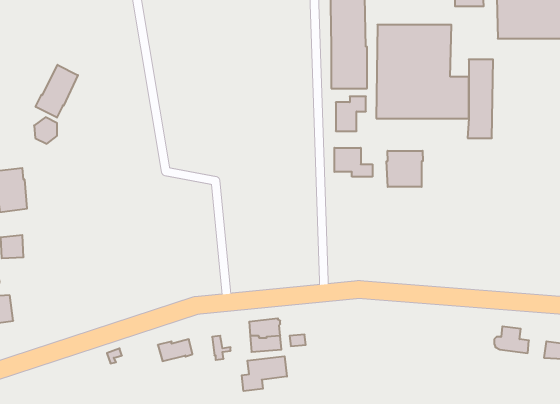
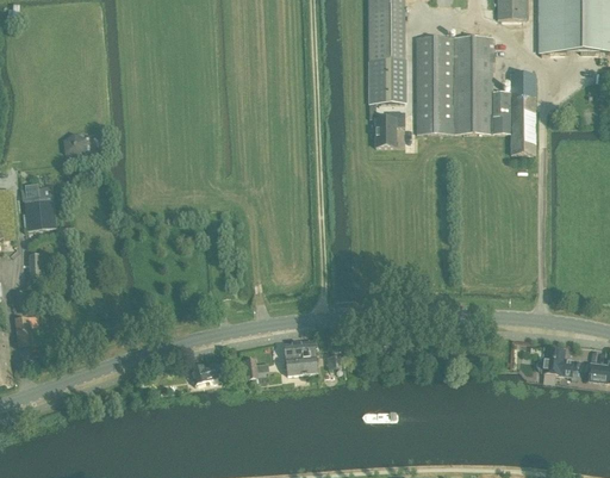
building: [36,65,78,118] -> none
building: [334,148,372,177] -> none
building: [386,151,423,187] -> none
building: [242,356,287,391] -> none

